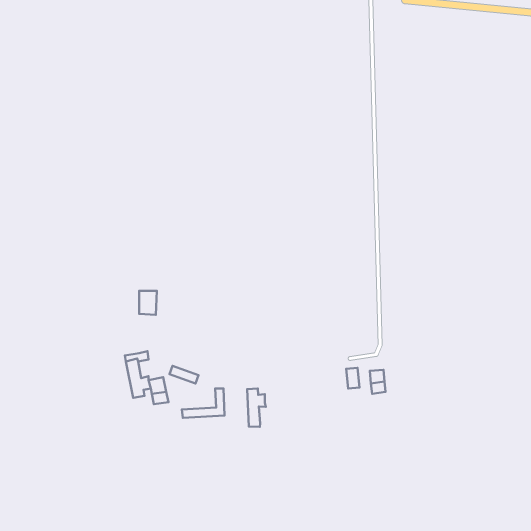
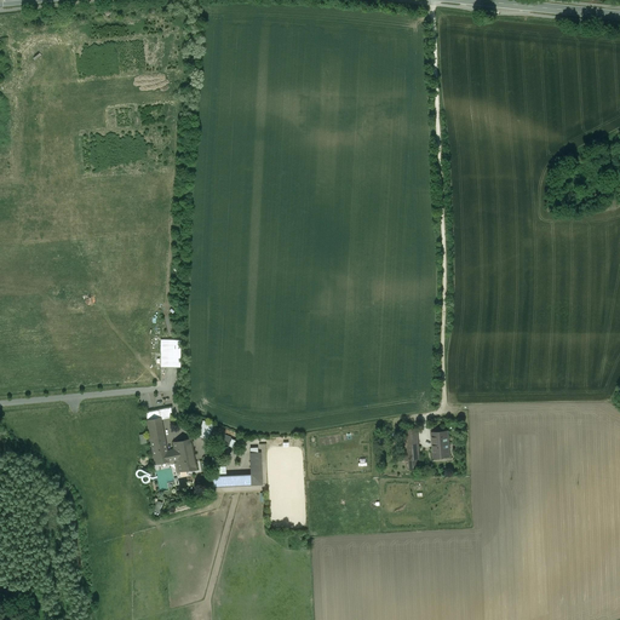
building: [247,388,266,427] -> none

